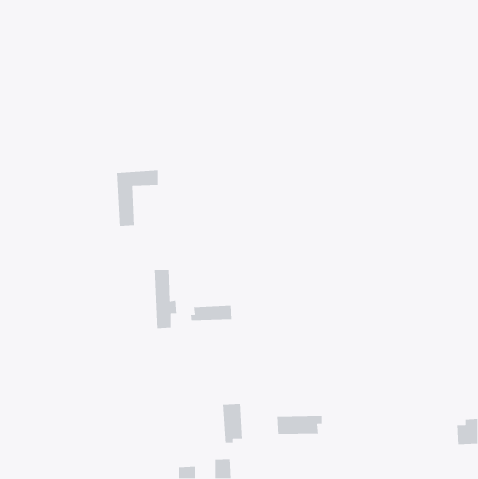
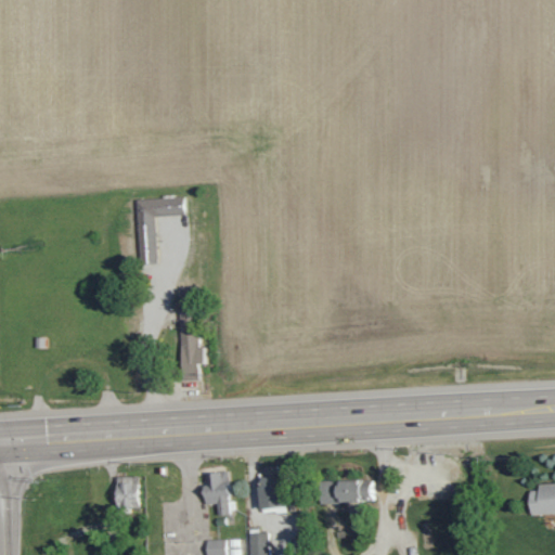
building: [190,305,232,321] -> none
building: none -> [203,472,234,515]
building: none -> [115,477,139,514]

